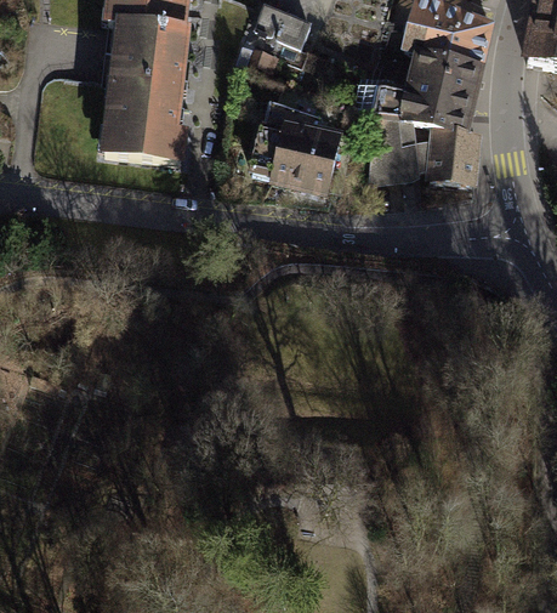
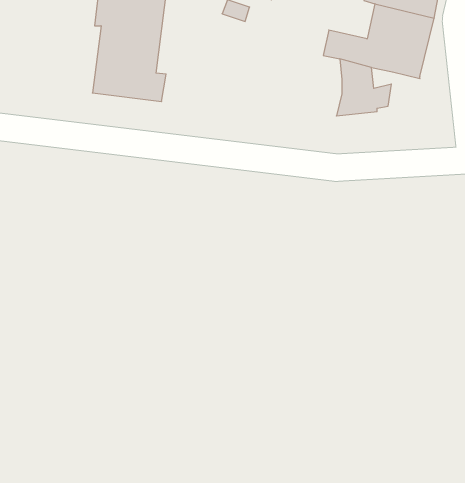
building: [251,100,336,191] -> none
building: [428,130,476,183] -> none

